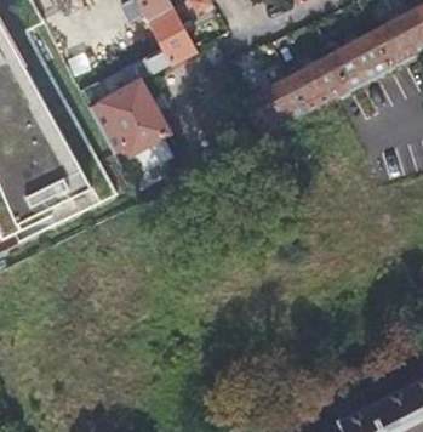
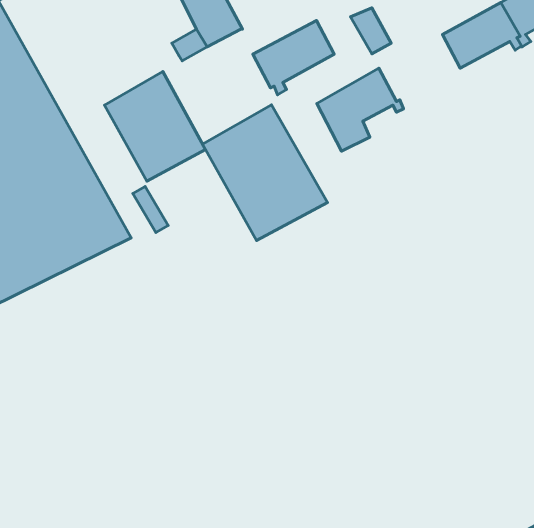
building: [287,55,343,106] -> [253,21,334,95]
building: none -> [202,105,327,241]

